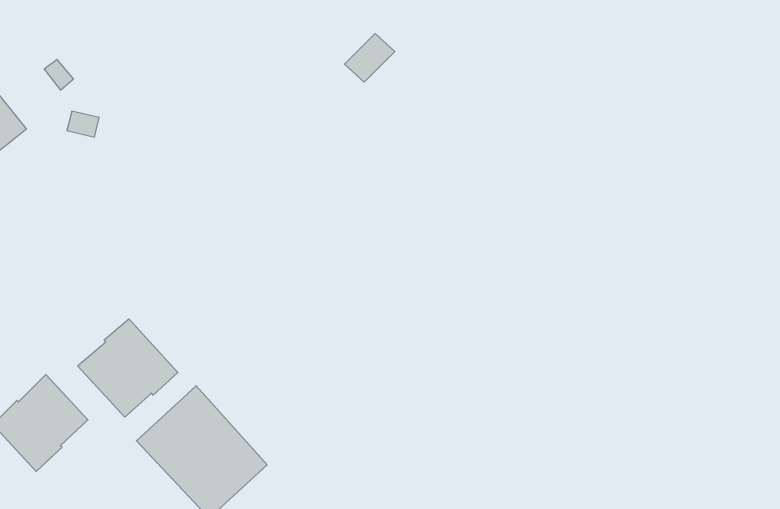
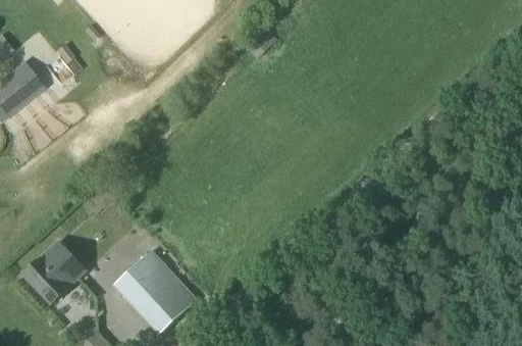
building: [78,319,178,417] -> none

